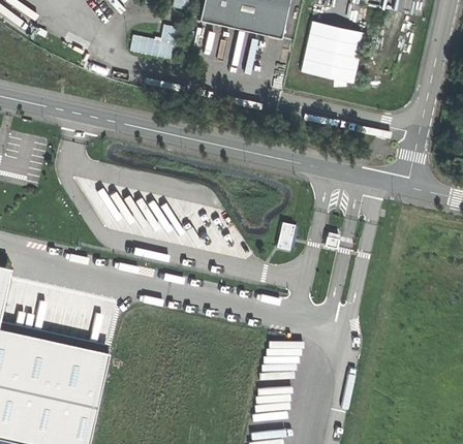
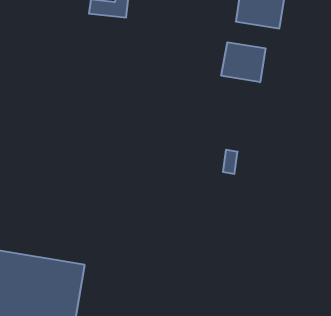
building: none -> [221,42,266,82]

